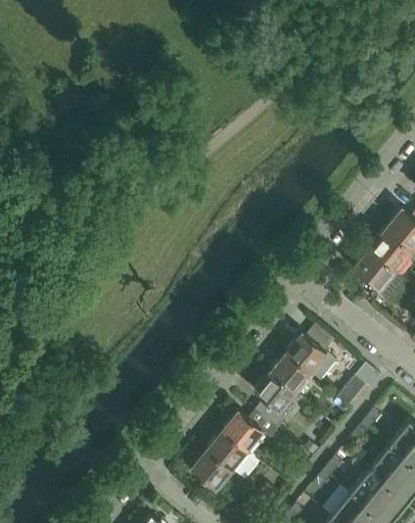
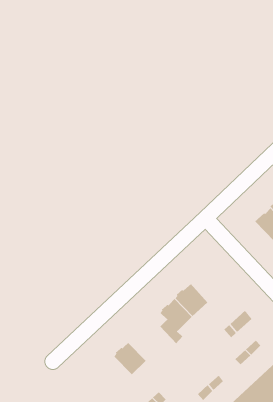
building: [288,332,328,372] -> none
building: [223,408,280,450] -> none
building: [192,450,232,488] -> none

